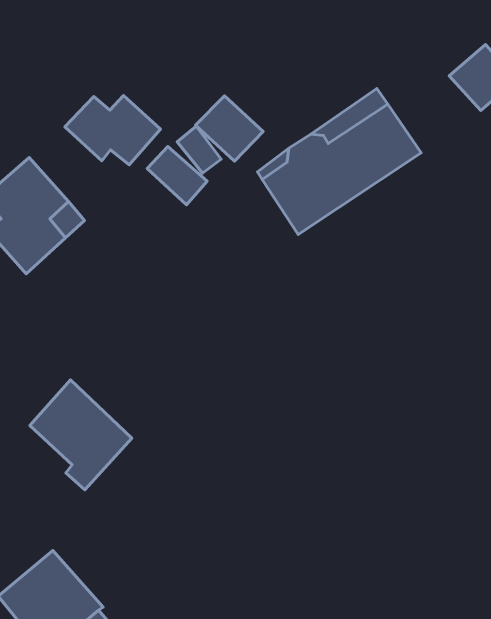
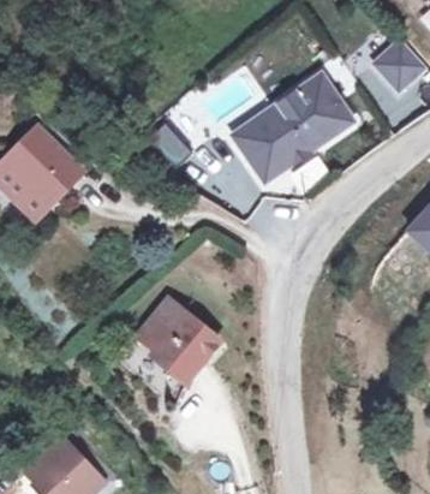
building: [65,95,160,165] -> none
building: [196,96,263,161] -> none
building: [30,380,132,490] -> [141,303,219,387]

